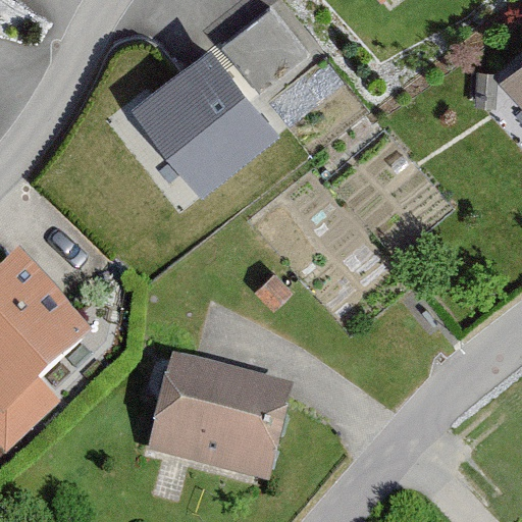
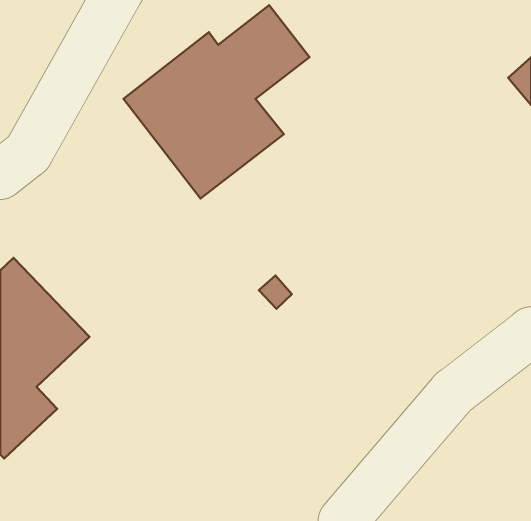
building: [145,361,289,484] -> none

